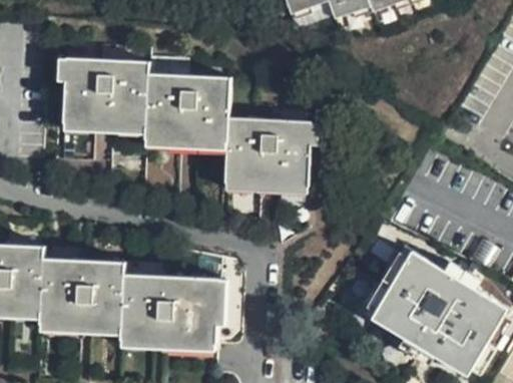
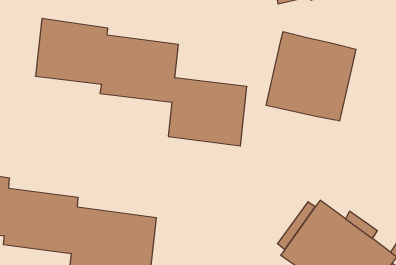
building: none -> [266,32,356,121]

